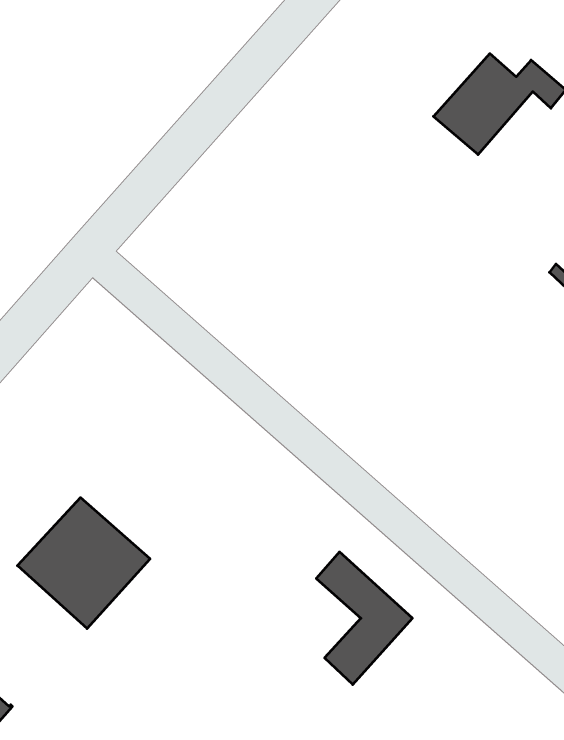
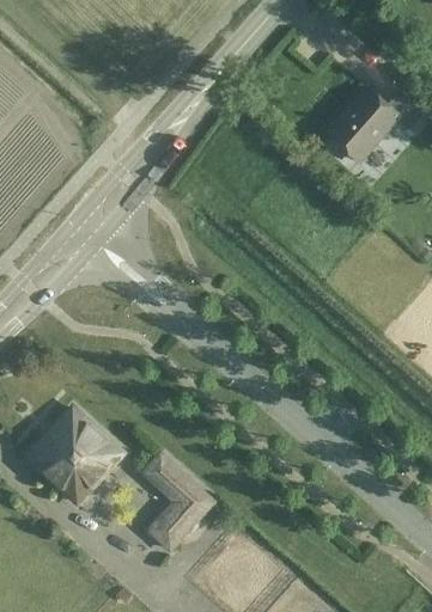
building: [316,552,412,685] -> [141,453,211,549]

